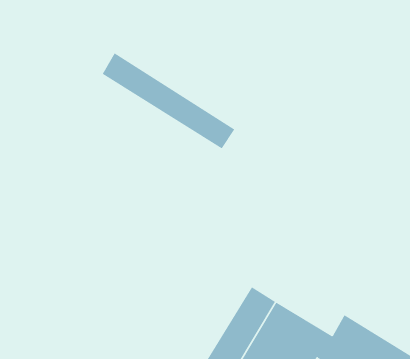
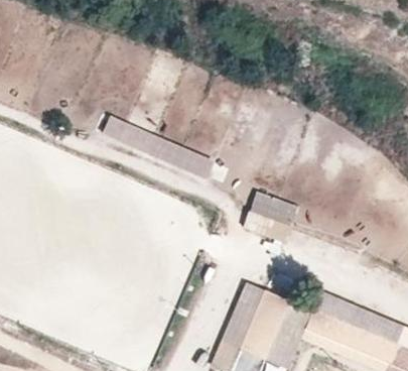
building: none -> [243,191,298,242]

